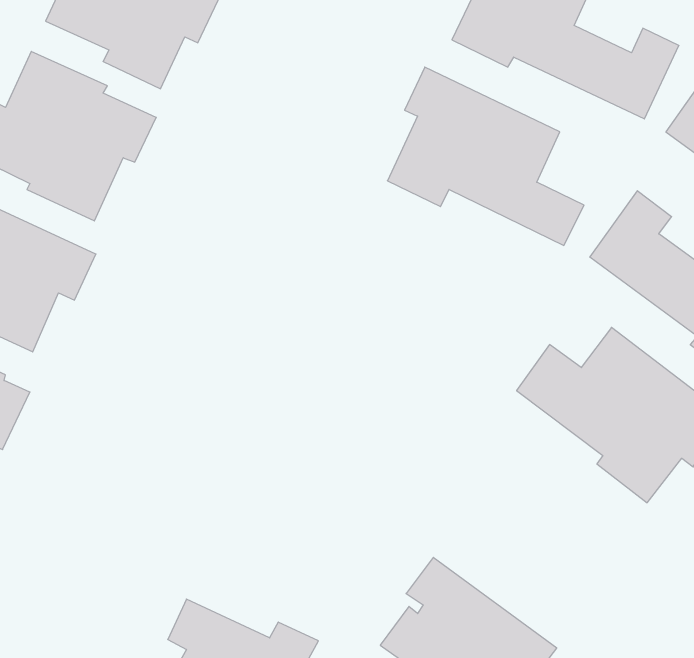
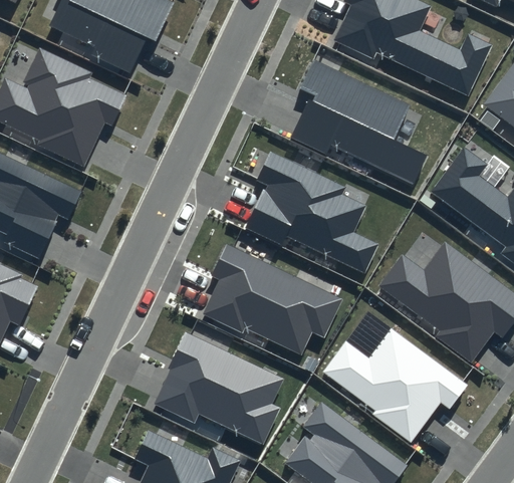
building: none -> [244,151,376,272]
building: none -> [202,244,342,354]
building: none -> [321,329,466,443]
building: none -> [154,331,283,444]

